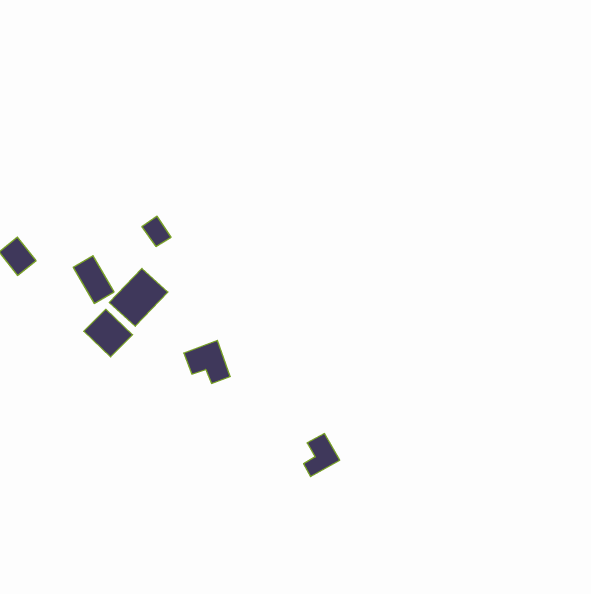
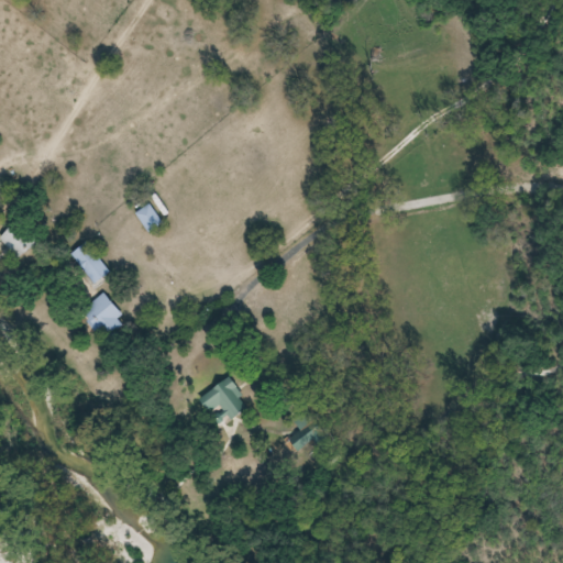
building: [109,268,168,326] -> none
building: [184,340,230,383] -> [202,380,246,421]

